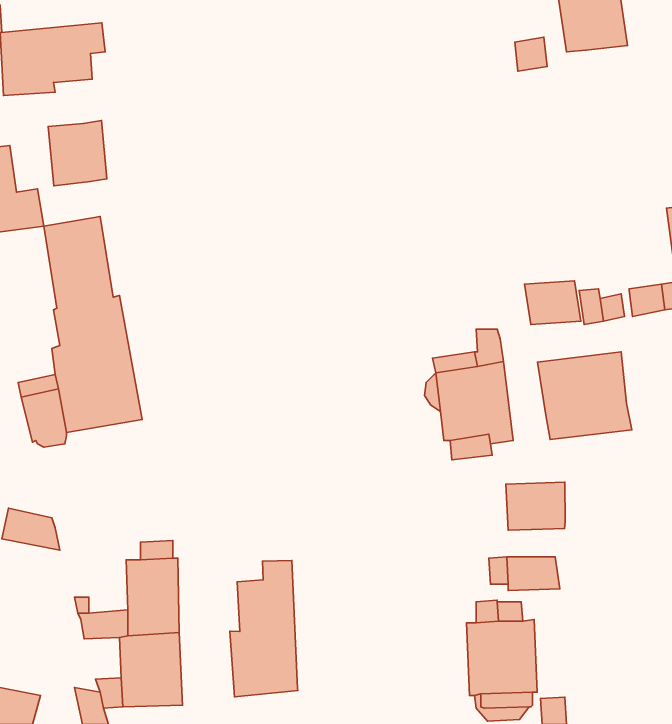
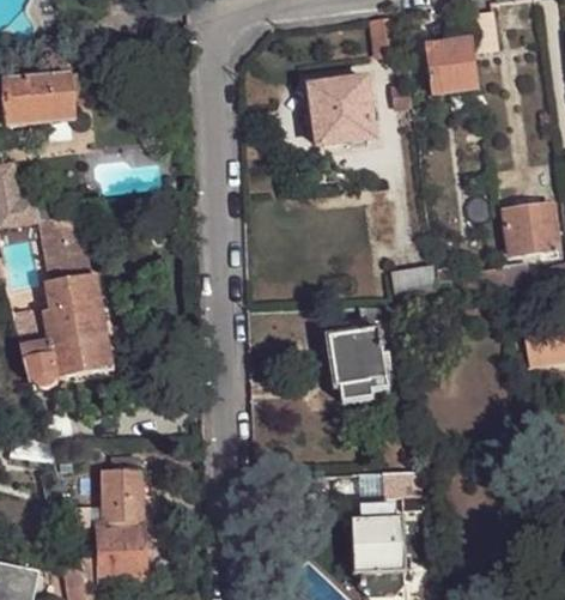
building: none -> [311,78,376,146]
building: [48,120,107,186] -> none
building: [538,352,632,439] -> none
building: [506,482,565,530] -> none
building: [230,560,298,697] -> none

